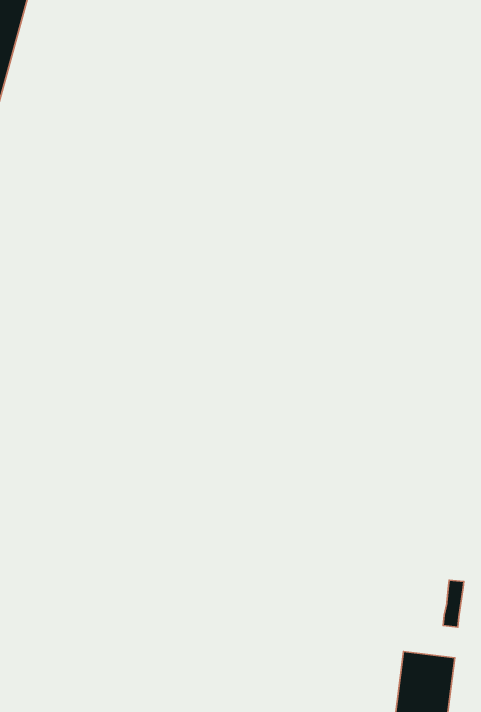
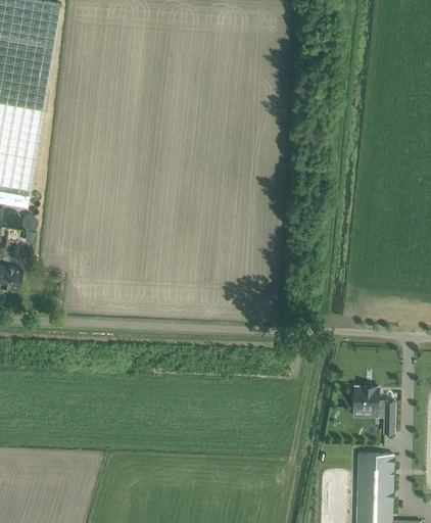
building: none -> [350,386,384,418]

